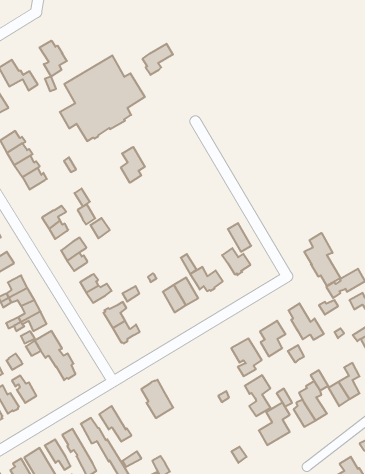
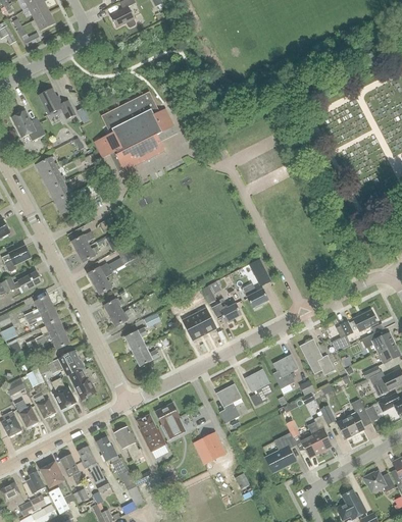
building: [40,41,67,76] -> none
building: [143,44,173,75] -> none
building: [121,147,145,183] -> none
building: [304,233,341,286] -> none
building: none -> [51,377,76,408]
building: [245,375,271,416] -> [216,383,241,422]
building: none -> [138,414,165,451]
building: none -> [195,431,225,463]

